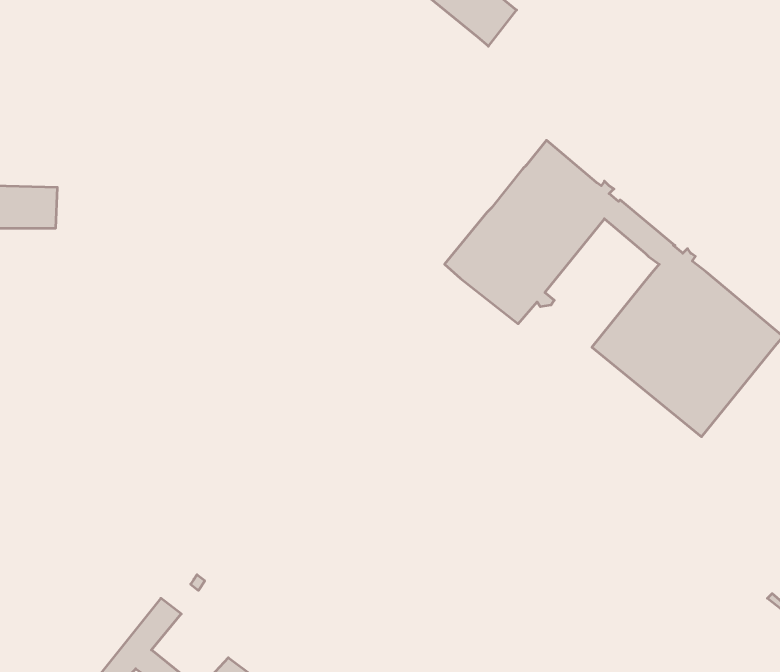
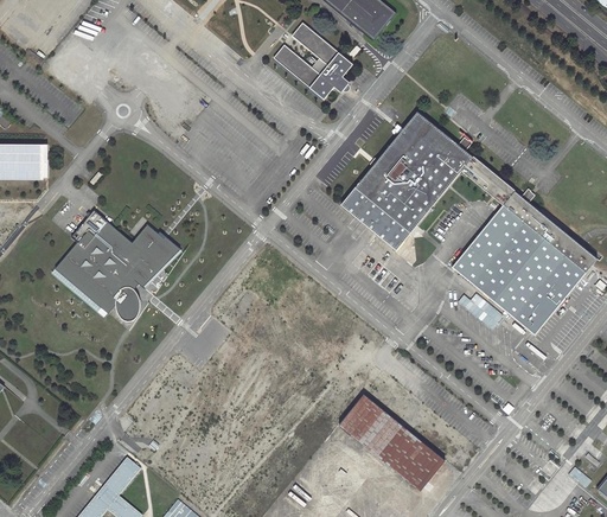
building: none -> [273,23,353,100]
building: none -> [52,210,180,320]
building: none -> [339,394,445,490]

